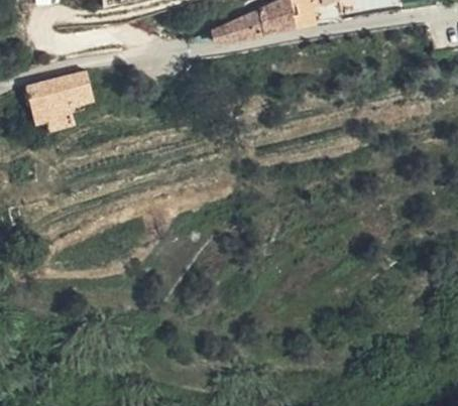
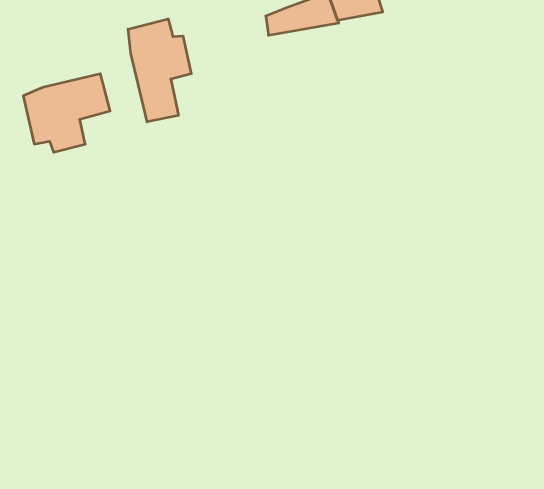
building: none -> [128,19,191,122]

